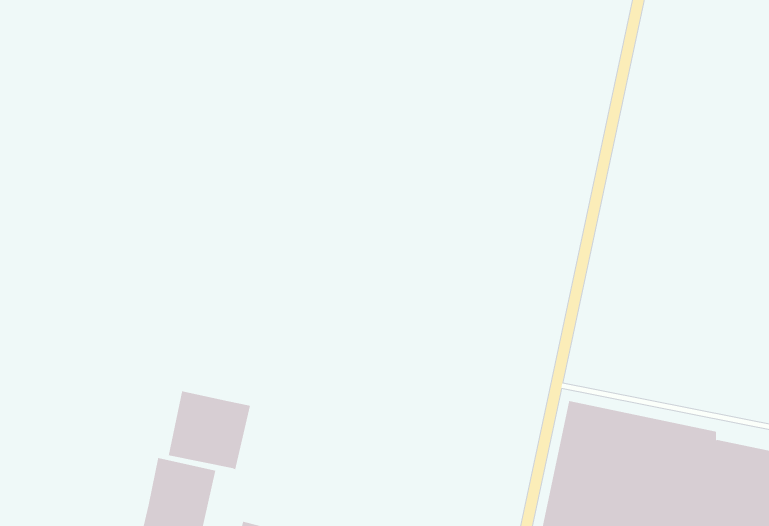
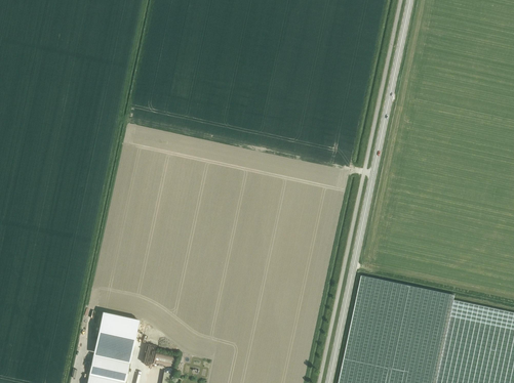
building: [168,390,250,470] -> none

